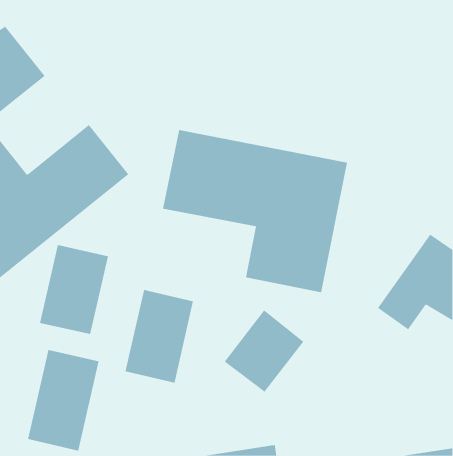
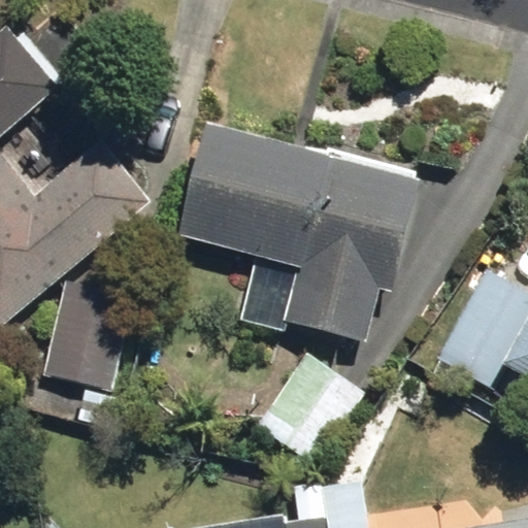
building: [125,289,194,383] -> none
building: [28,349,99,451] -> none

